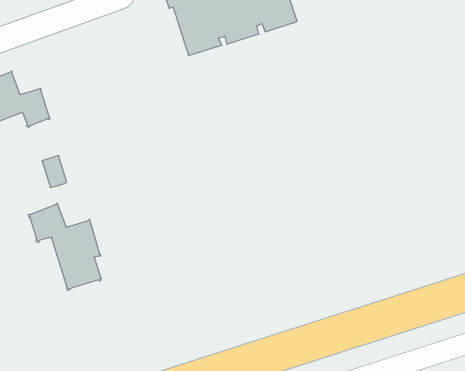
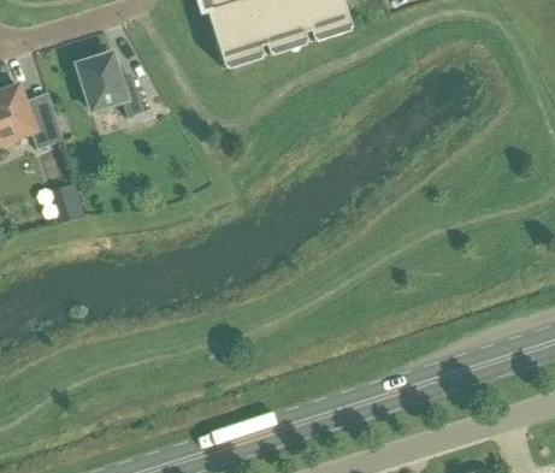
building: none -> [77,54,142,116]
building: [28,203,101,290] -> none

